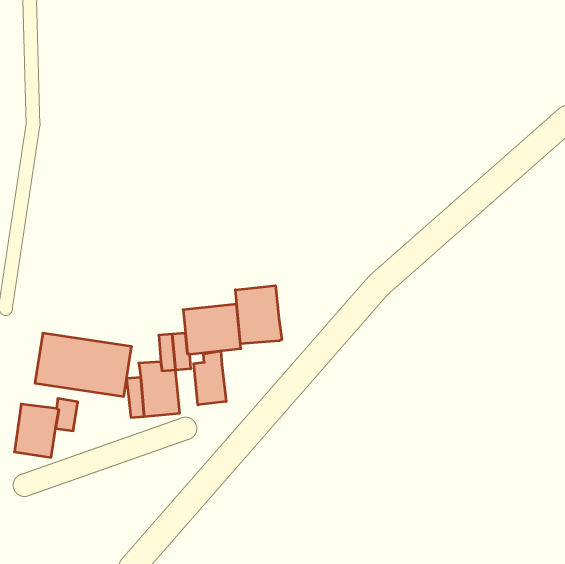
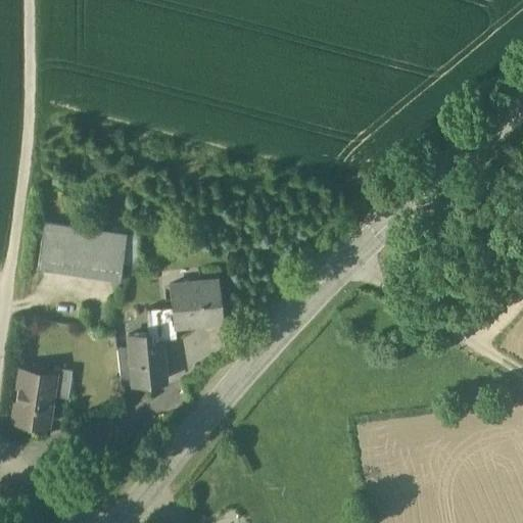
building: [235,286,282,344] -> none
building: [35,333,132,396] -> [34,222,123,280]
building: [194,351,226,405] -> none

